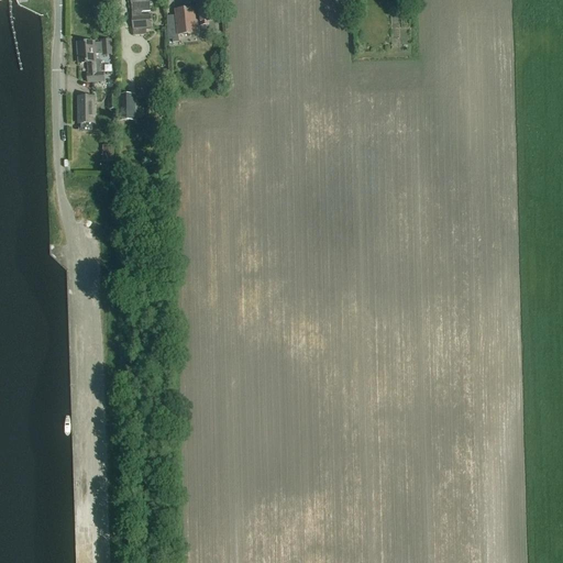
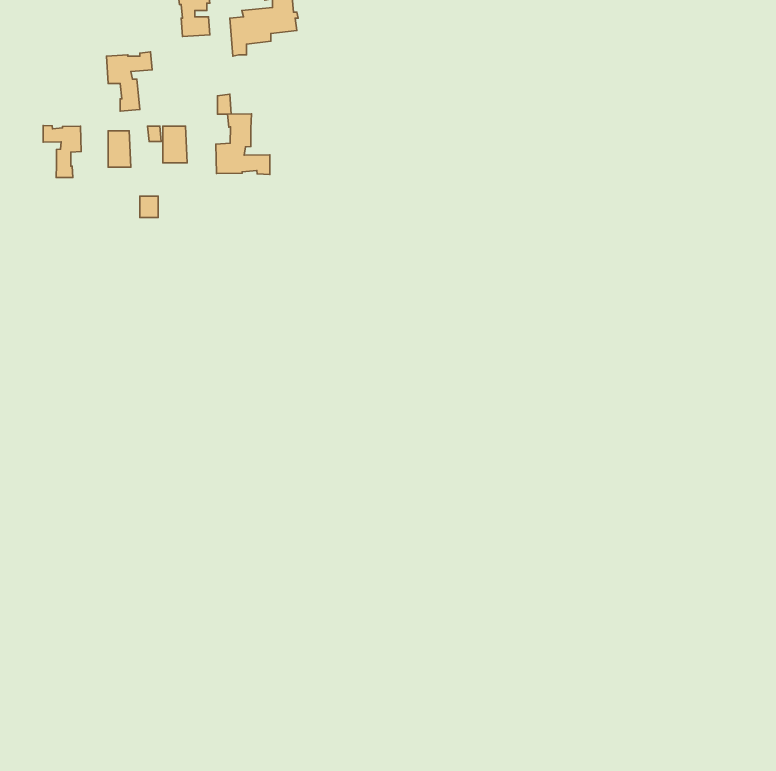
building: none -> [216,114,270,175]
building: none -> [43,125,81,177]

